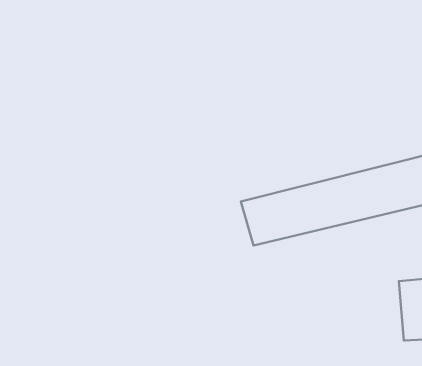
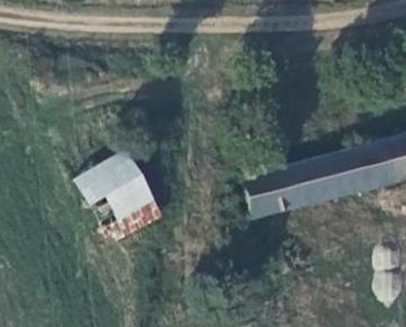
building: none -> [72,149,154,240]

